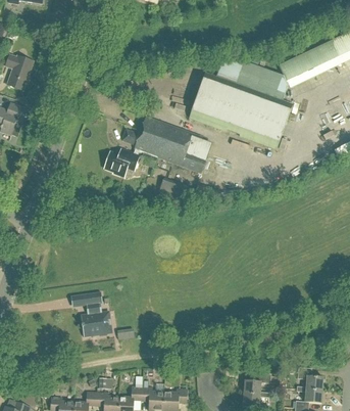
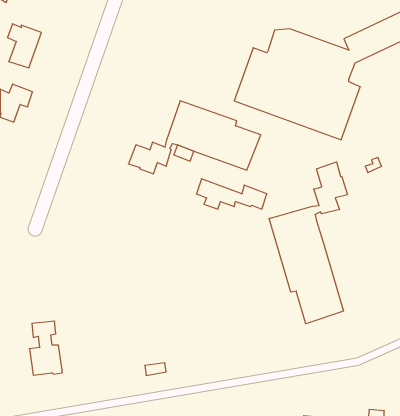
building: none -> [269,162,347,324]
building: [81,291,107,335] -> [29,321,62,375]

